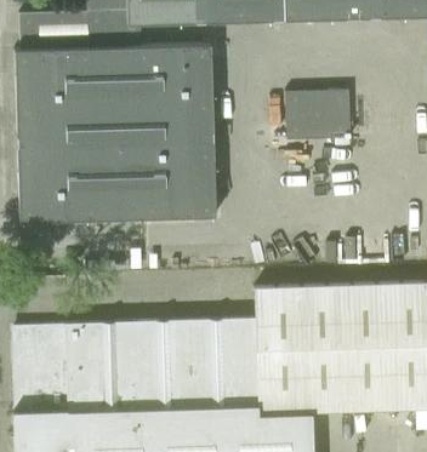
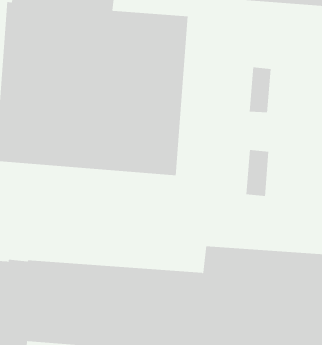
building: [328,90,351,138] -> [246,149,269,196]

